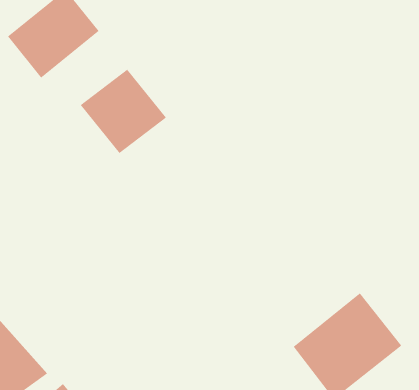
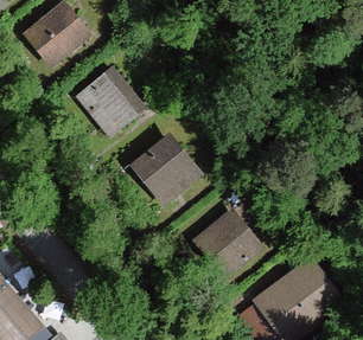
building: none -> [123,134,200,211]
building: none -> [192,210,267,283]

